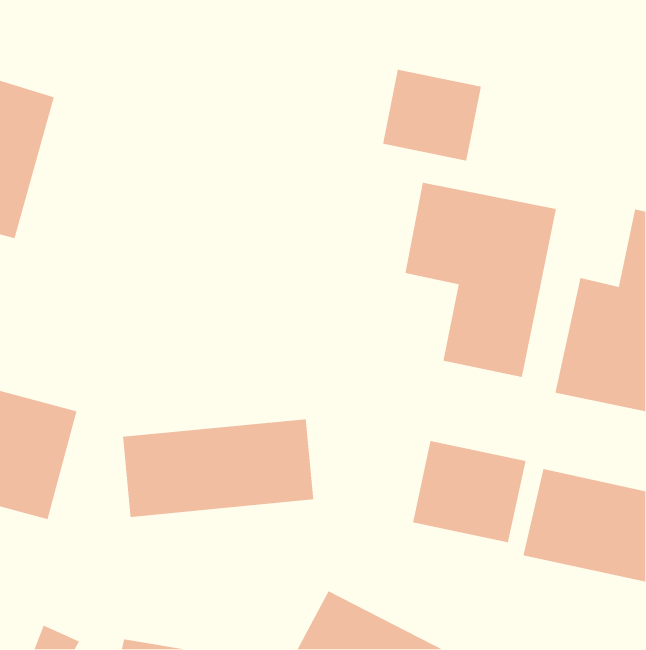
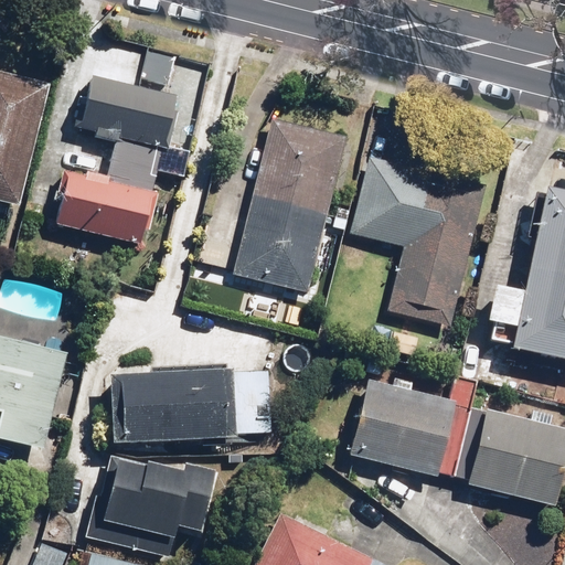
building: none -> [58,49,186,248]
building: [382,69,482,161] -> none
building: none -> [233,116,350,294]
building: none -> [89,454,223,558]

